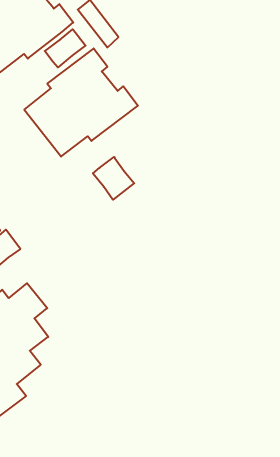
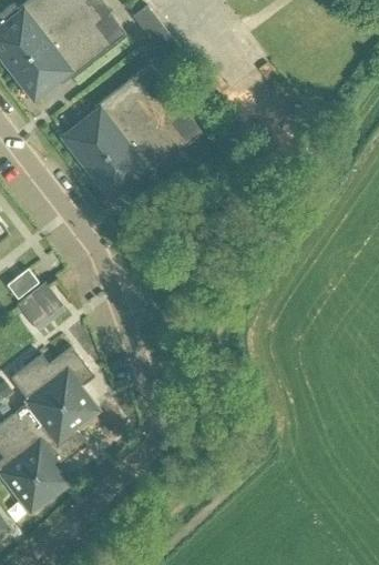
building: [45,29,86,67] -> none
building: [93,157,134,200] -> none

